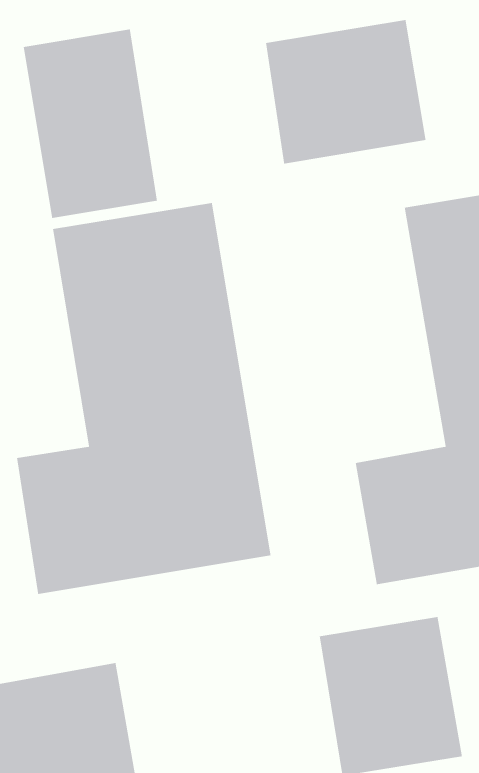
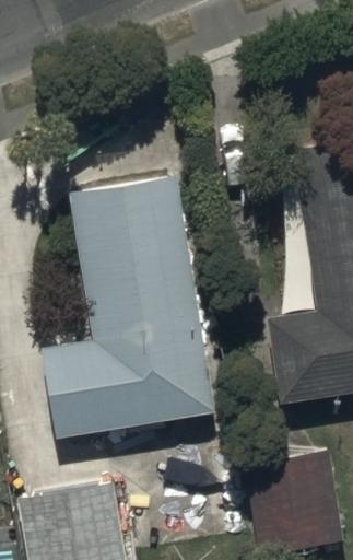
building: [265,19,427,165] -> none
building: [23,29,158,219] -> none

